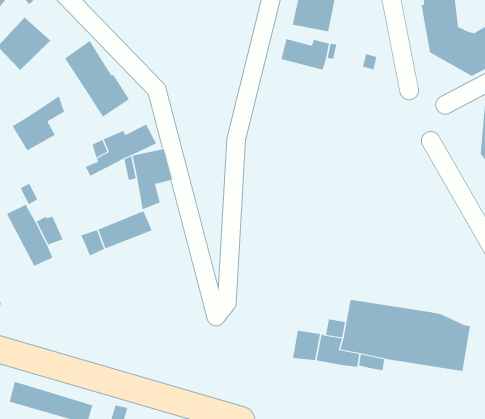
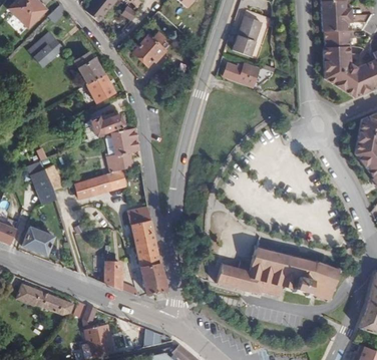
building: none -> [132,34,167,68]
building: [12,95,65,151] -> none
building: none -> [127,207,167,296]
building: none -> [23,229,54,258]
building: none -> [104,262,137,296]

